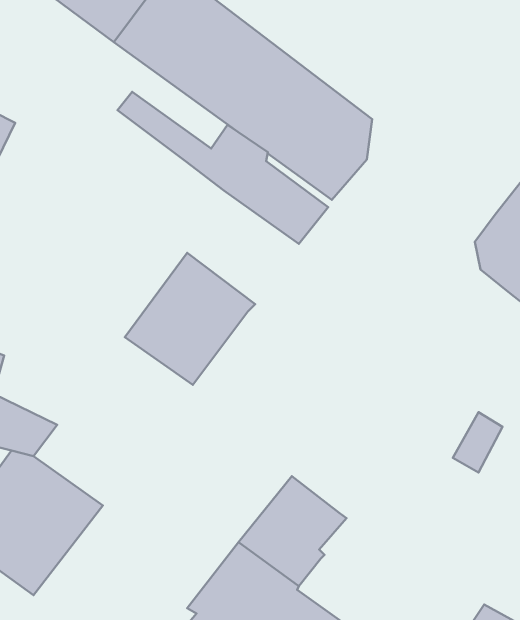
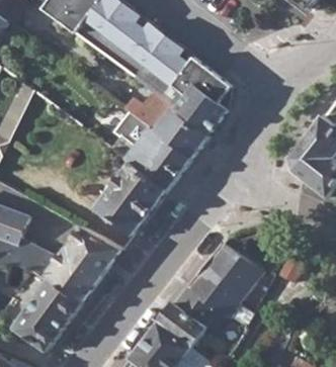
building: none -> [110,110,191,189]
building: none -> [45,224,122,300]
building: none -> [187,241,261,315]

